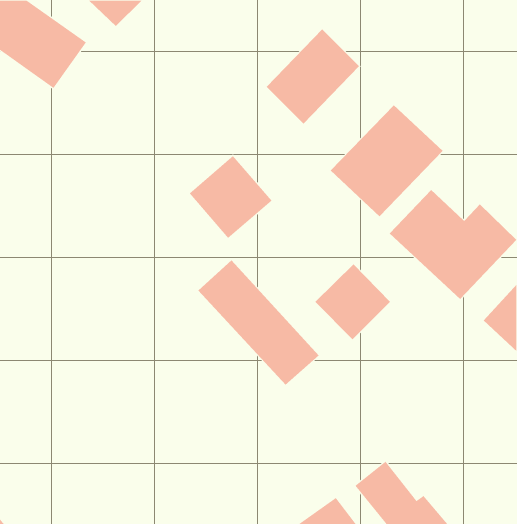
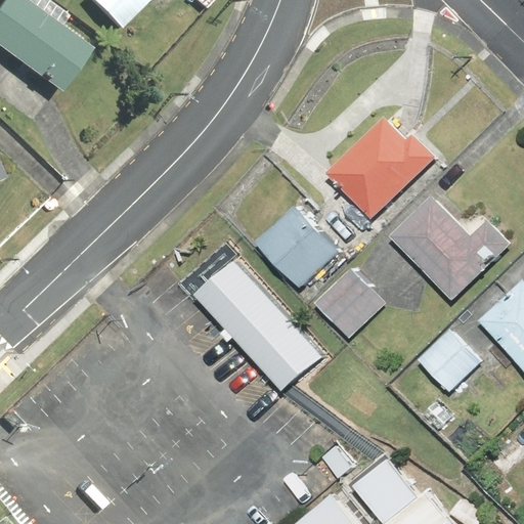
building: [266,28,360,125] -> none
building: [189,155,272,239] -> [257,204,340,287]
building: none -> [414,326,483,394]

